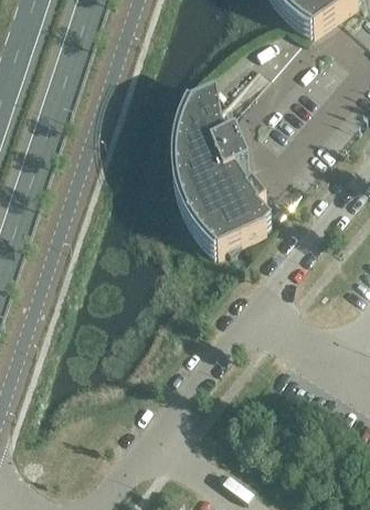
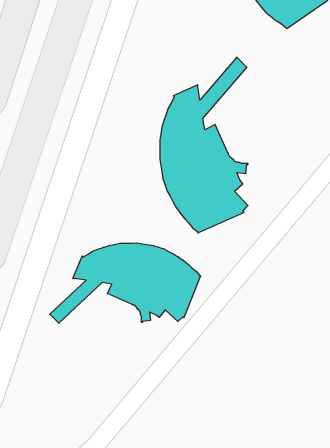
building: none -> [50,243,201,323]

